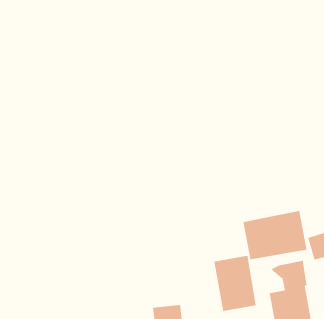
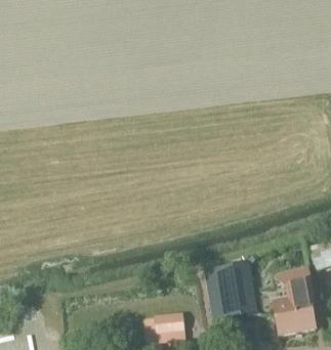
building: [243,210,307,260] -> none

